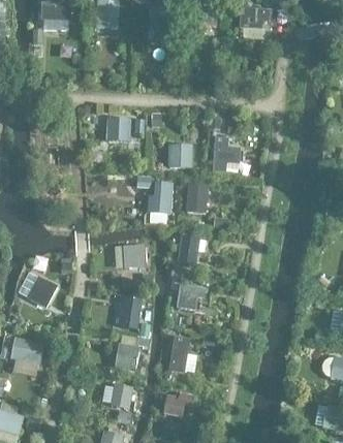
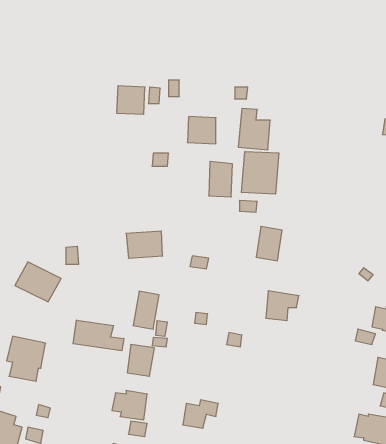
building: none -> [242,151,279,194]
building: [147,182,173,213] -> none
building: [177,234,199,264] -> [256,226,282,261]
building: [177,283,206,309] -> [266,291,299,321]
building: none -> [73,320,124,351]
building: [168,336,197,373] -> none

